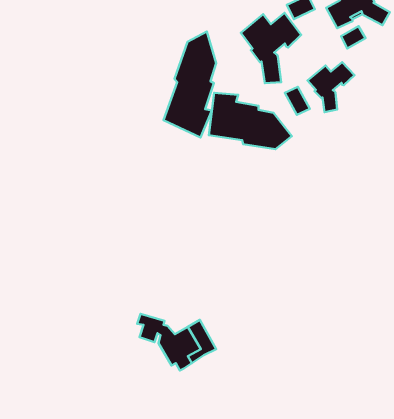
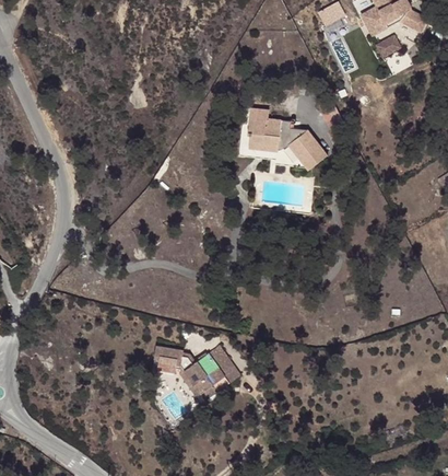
building: [241,13,301,83] -> none
building: [163,31,216,138] -> none
building: [307,62,354,112] -> none

